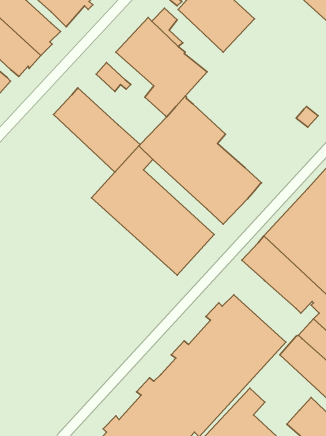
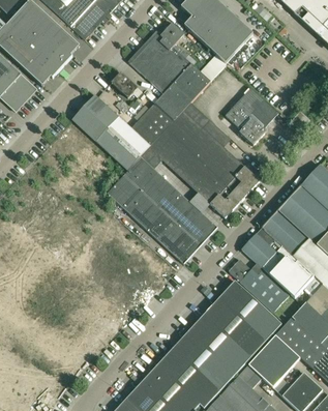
building: none -> [221,87,278,145]
building: none -> [131,94,175,145]
building: none -> [229,258,290,311]
building: none -> [249,334,300,386]

